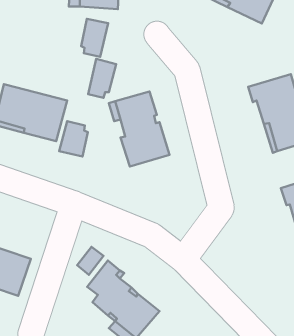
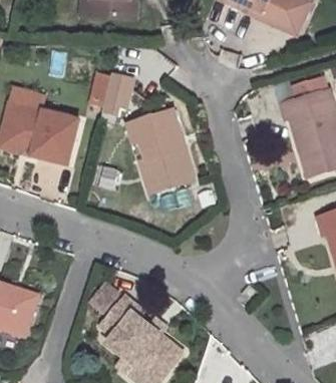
building: [81,19,108,57] -> none
building: [59,121,88,156] -> none

